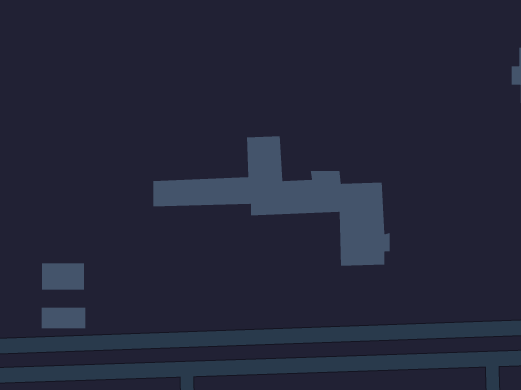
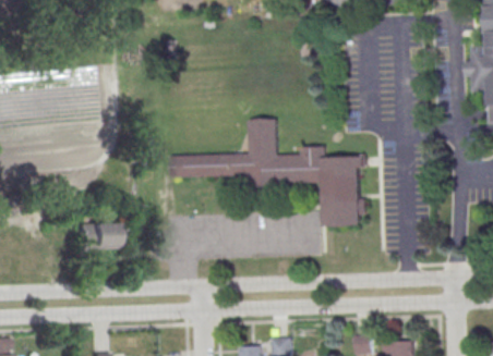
building: [41,307,86,329] -> none

